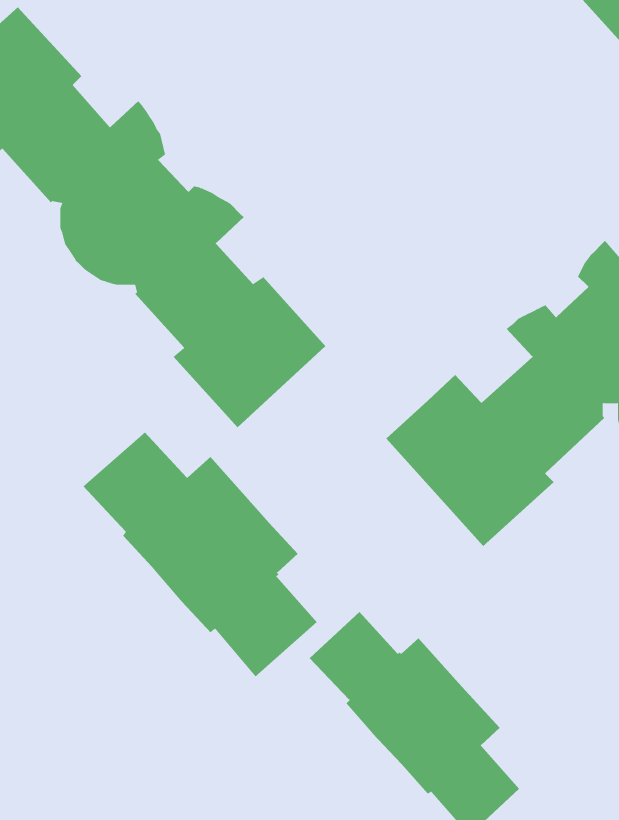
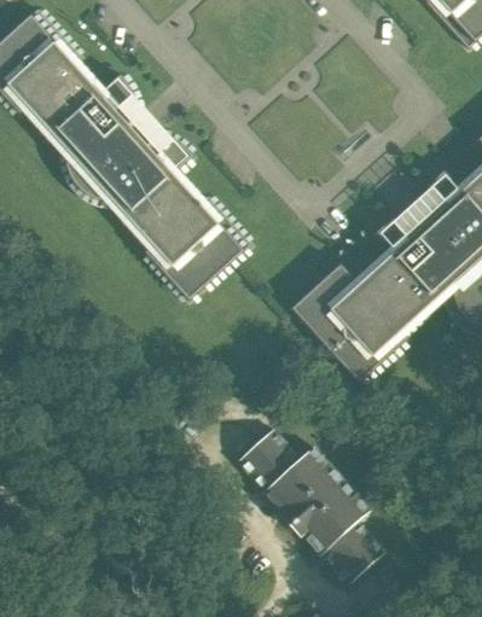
building: [82,431,318,677] -> none

